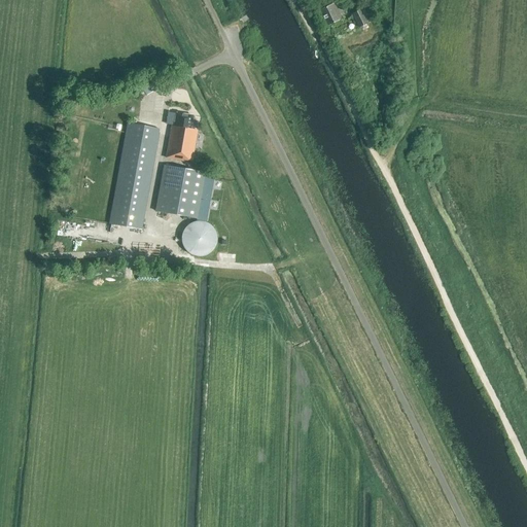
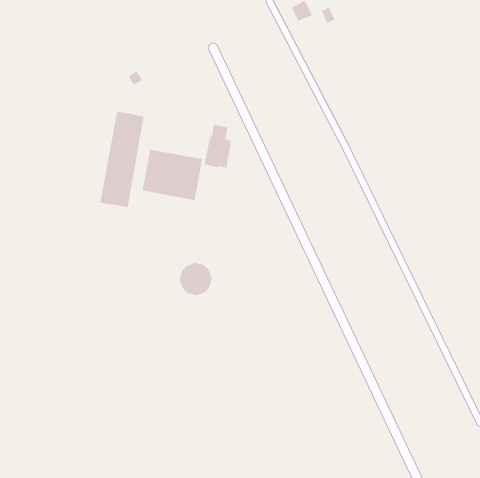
building: [166,111,197,160] -> [204,124,232,168]
building: [181,219,217,255] -> [180,263,212,295]

